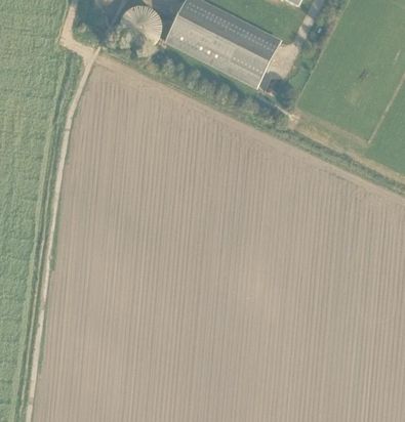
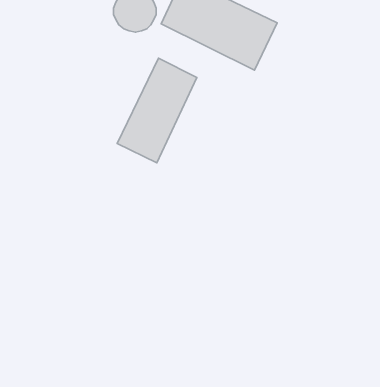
building: none -> [117,58,197,163]

